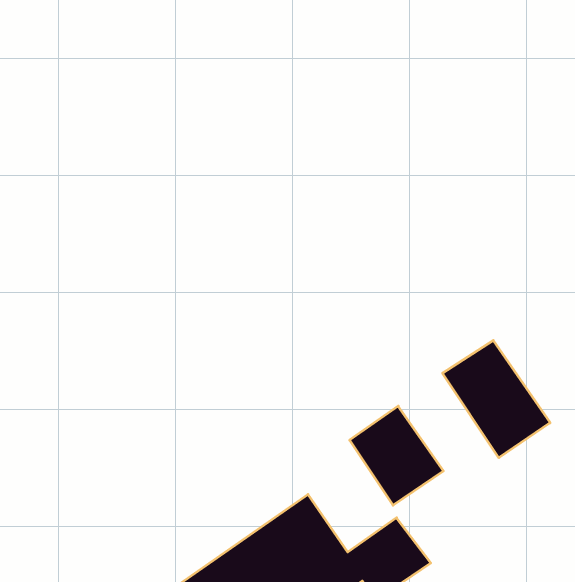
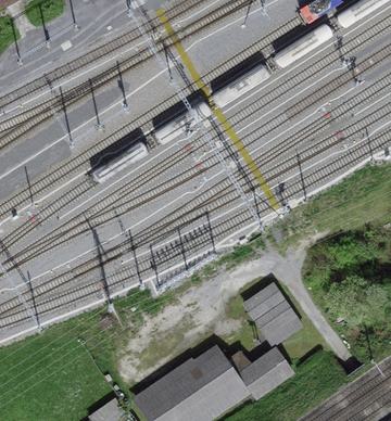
building: [443,340,550,458] -> none

